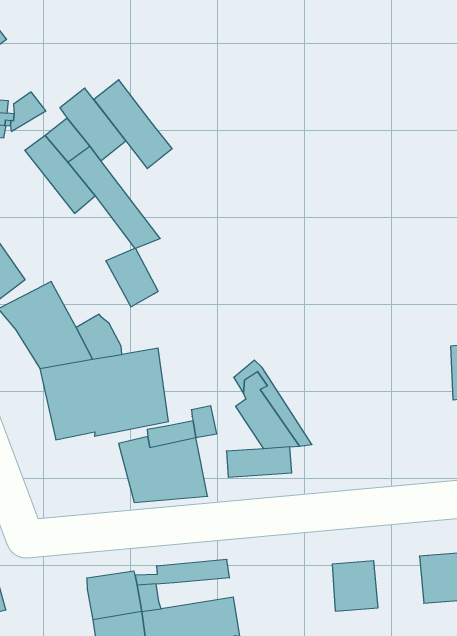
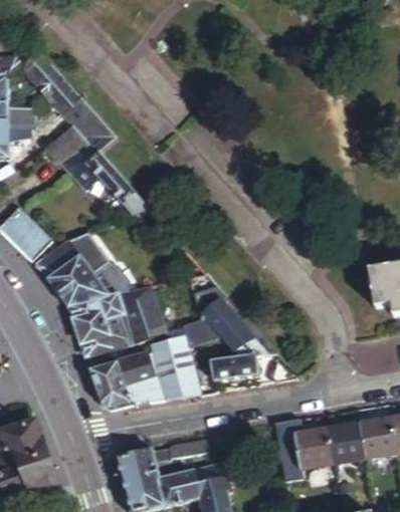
building: [94,80,172,169] -> [23,52,83,115]
building: [106,248,158,307] -> [70,232,111,275]
building: none -> [87,357,145,409]
building: none -> [324,422,363,462]

